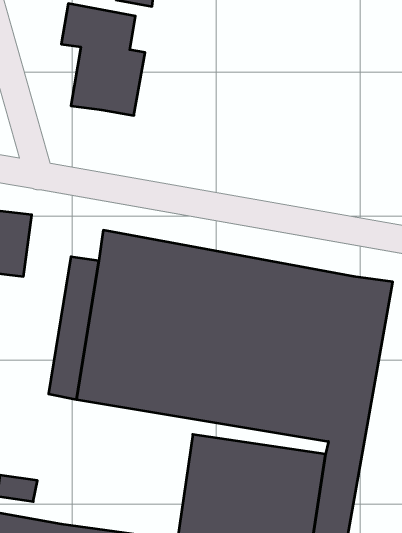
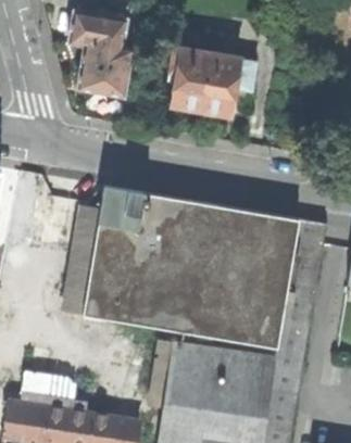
building: none -> [171,47,258,113]

